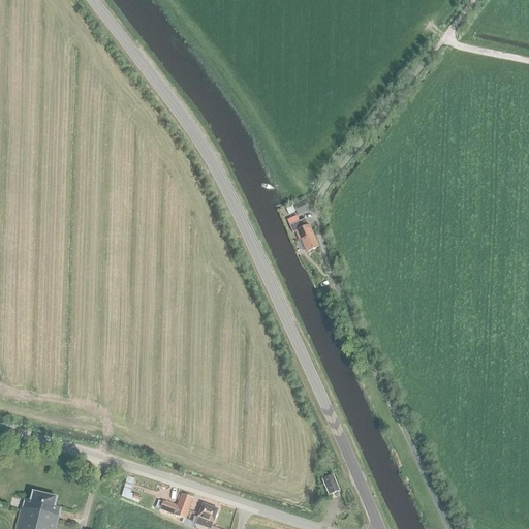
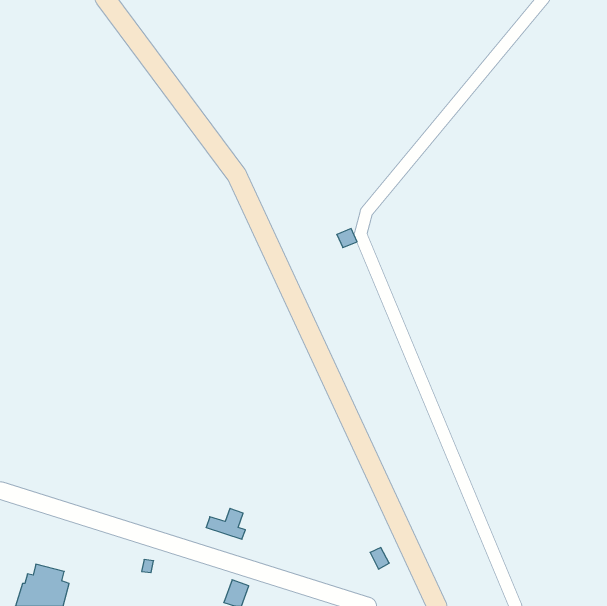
building: [289,218,319,251] -> none
building: [160,493,194,520] -> [206,508,245,539]

